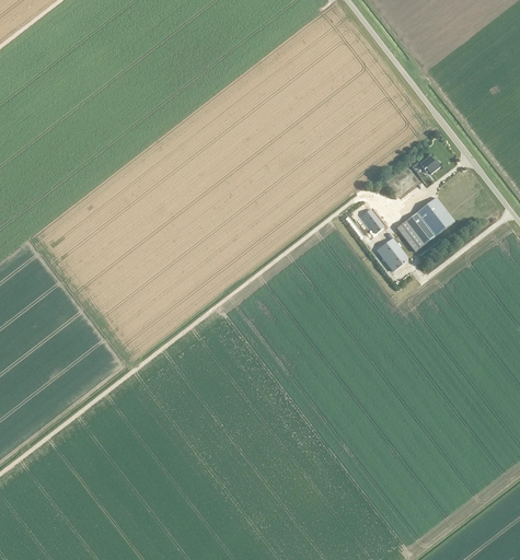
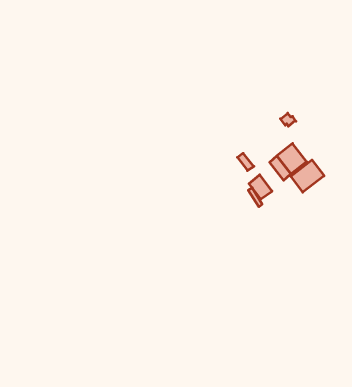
building: none -> [291,160,324,192]

